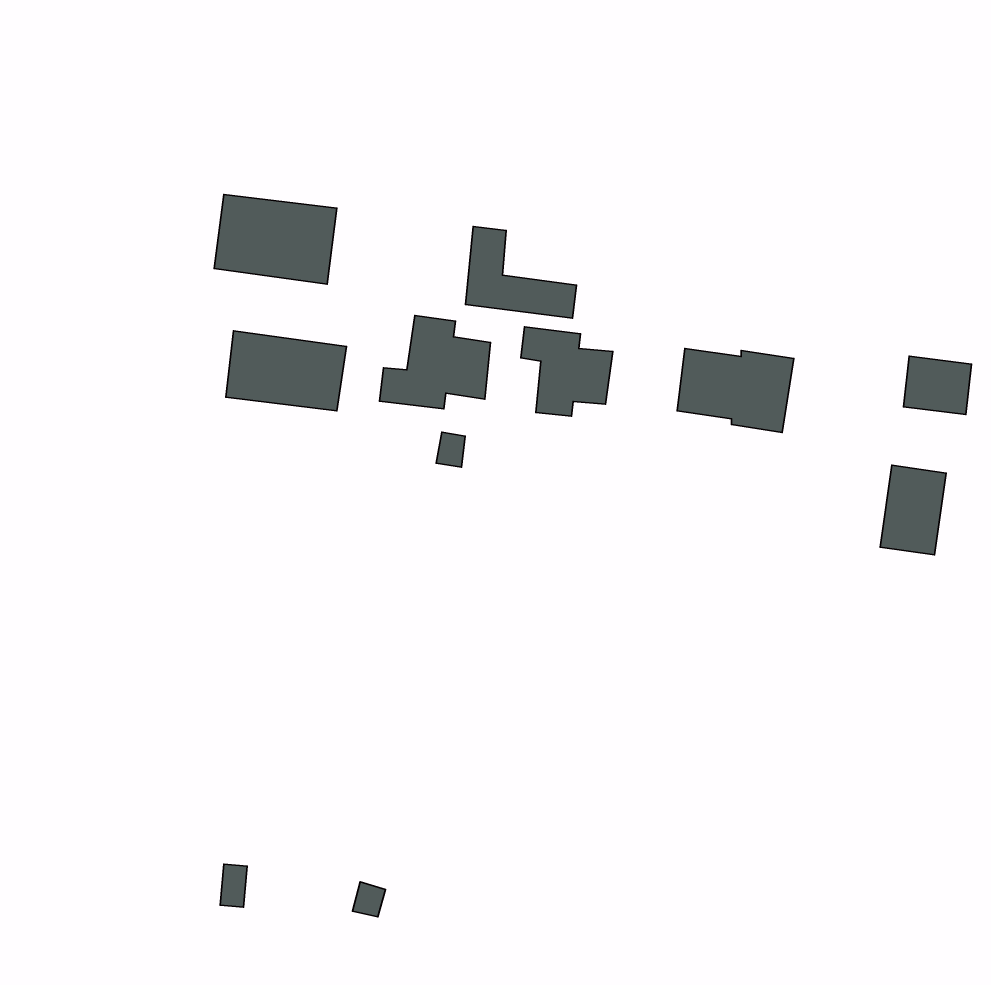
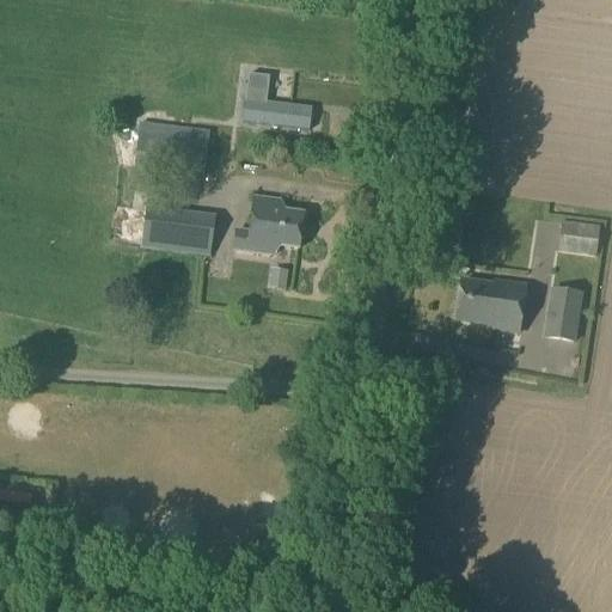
building: [465,227,576,318] -> [243,74,311,130]
building: [521,327,613,416] -> none
building: [677,349,794,432] -> [455,277,527,329]

